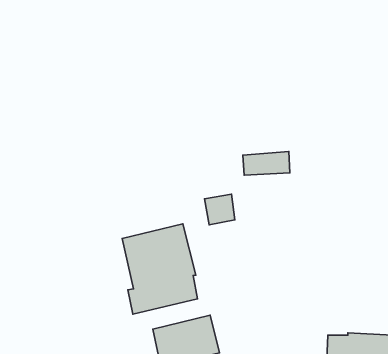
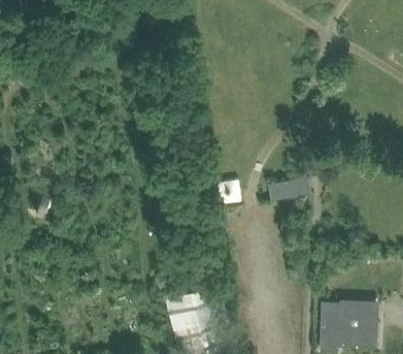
building: [243,152,290,175] -> [267,178,308,198]
building: [122,224,198,314] -> none

